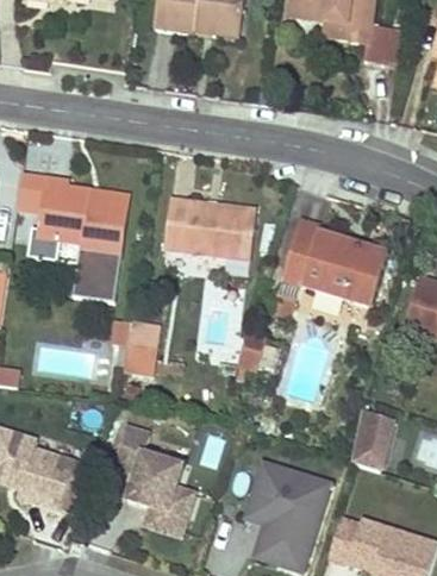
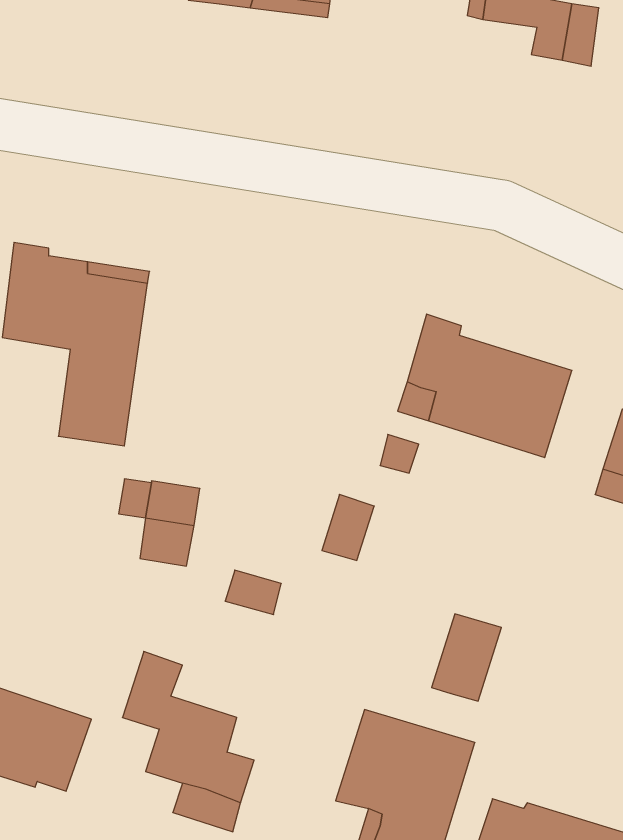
building: [163,198,256,259] -> none
building: [345,414,388,468] -> [432,614,501,701]

